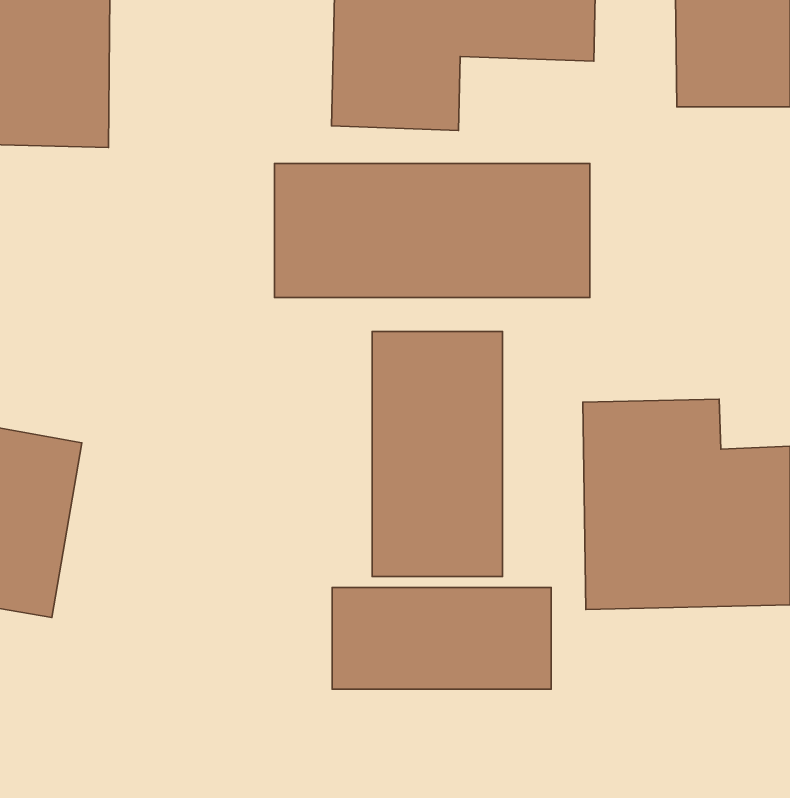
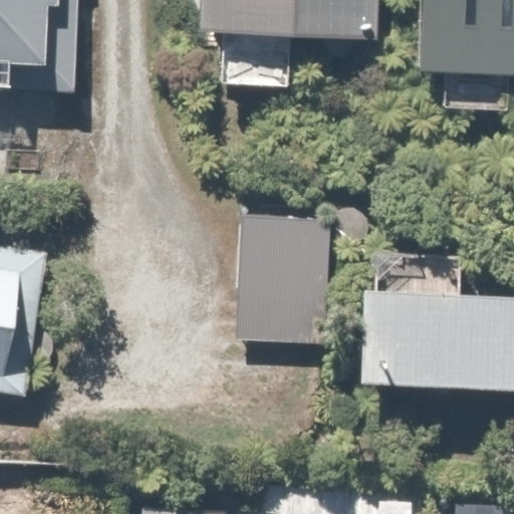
building: [274,163,590,298] -> none
building: [332,587,551,689] -> none

